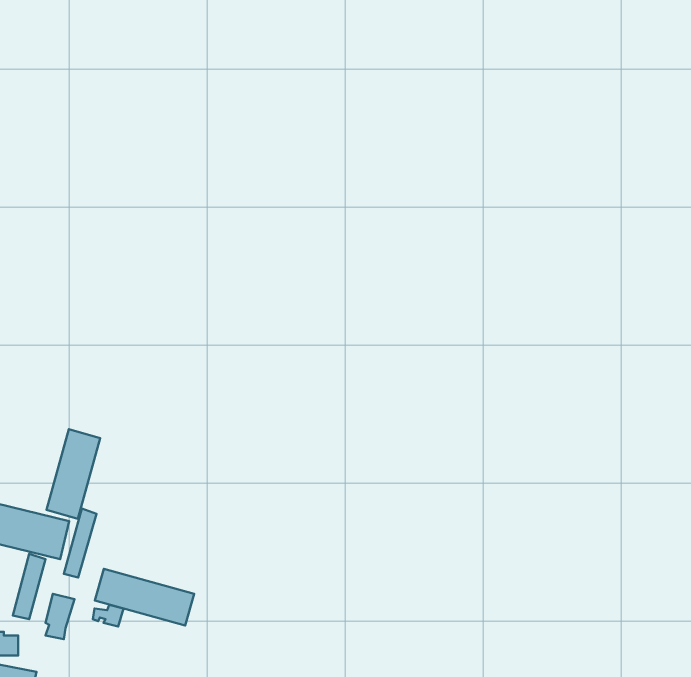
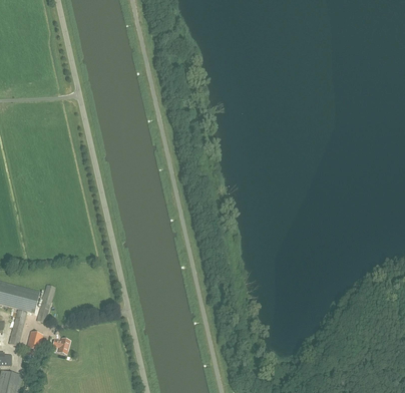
building: [46,429,100,519] -> none
building: [95,569,194,626] -> none

